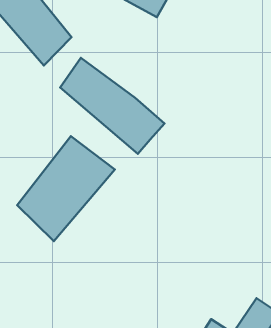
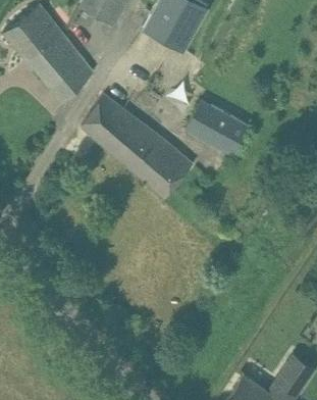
building: none -> [184,100,250,157]
building: [17,136,115,241] -> none

